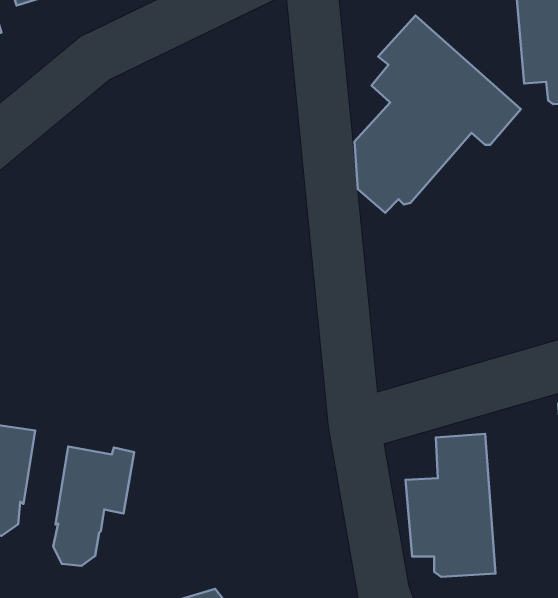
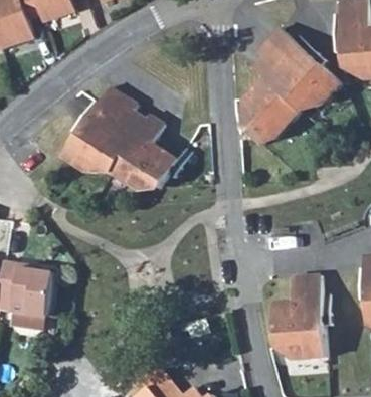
building: none -> [62,85,176,190]
building: [53,446,134,566] -> none

